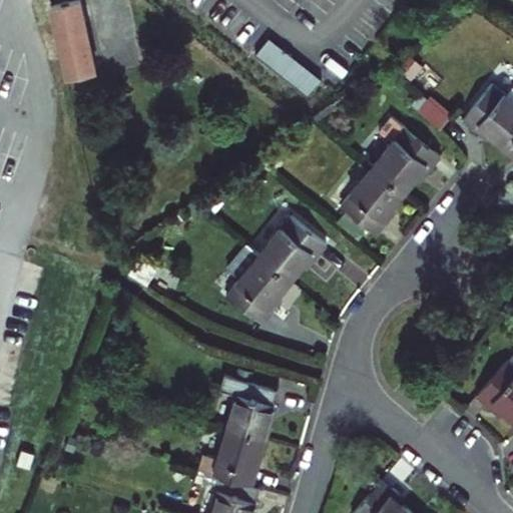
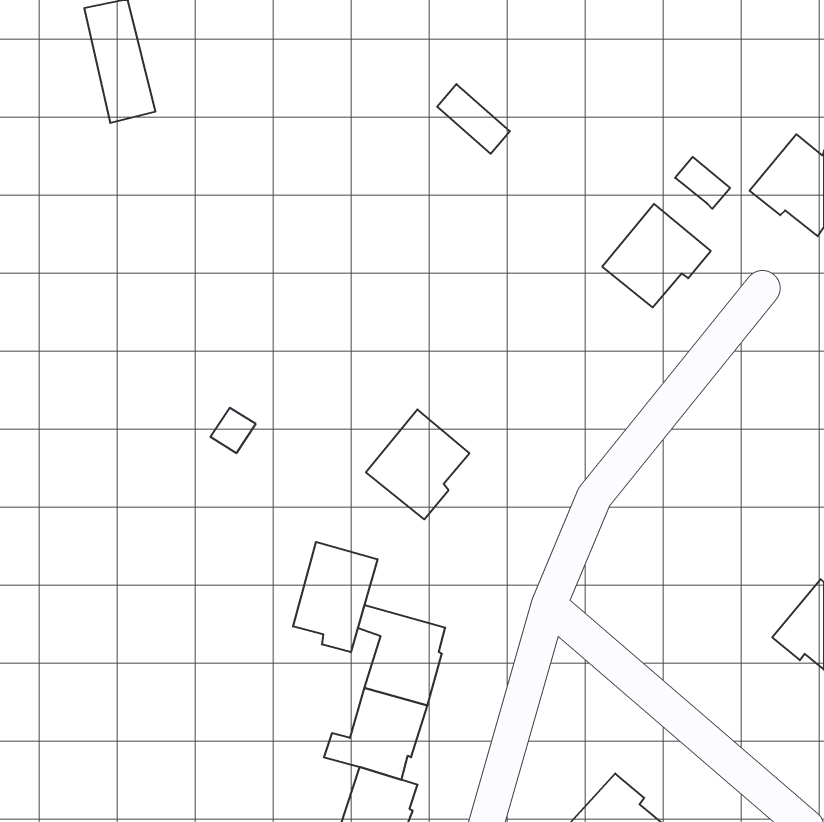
building: [342,168,404,235] -> none
building: [259,217,327,284] -> none
building: none -> [293,542,377,652]

